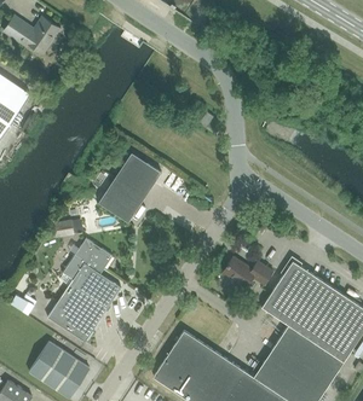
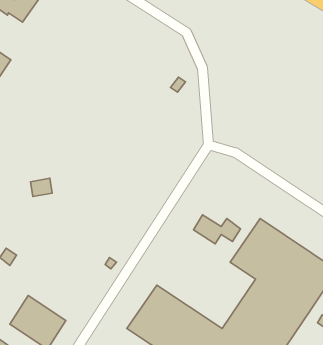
building: [98,152,161,222] -> none
building: [47,238,121,342] -> none

